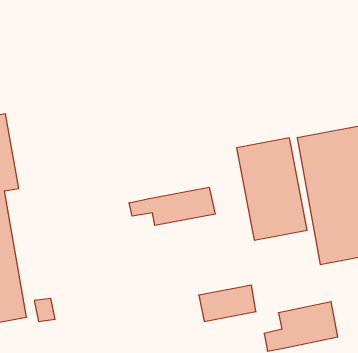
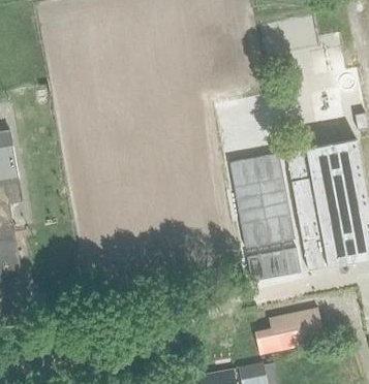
building: [129,187,215,225] -> none
building: [199,285,256,321] -> [246,248,300,282]

